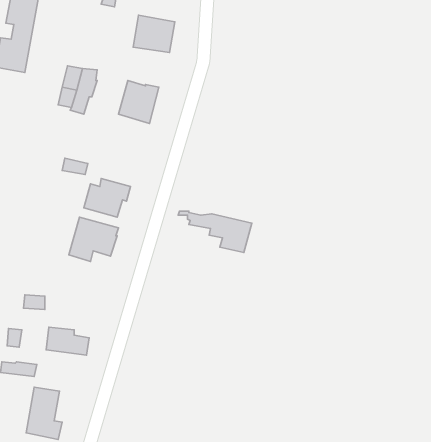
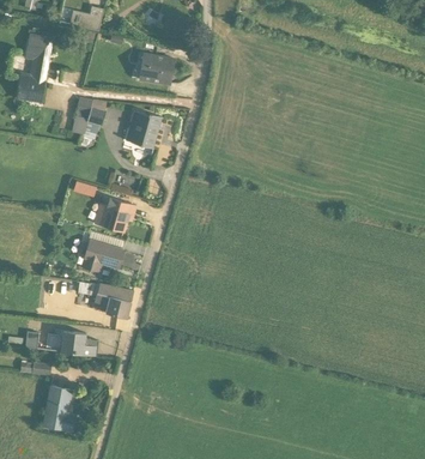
building: [178,211,252,253] -> [67,280,133,318]

